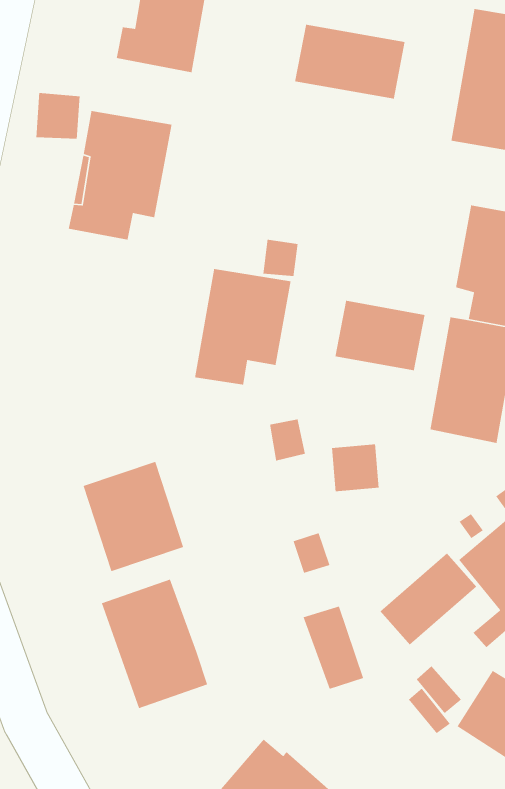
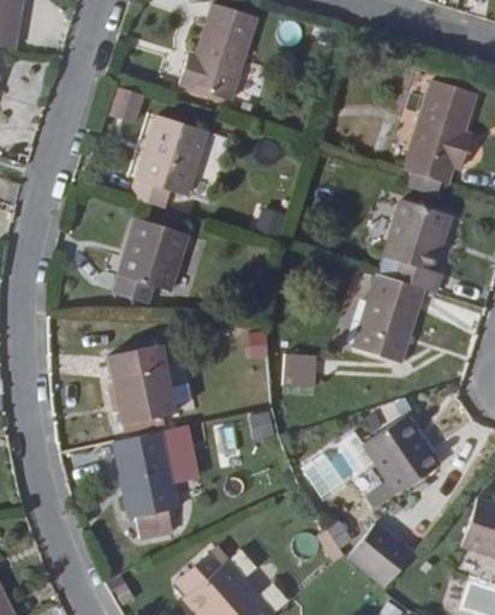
building: [294,24,406,99] -> none
building: [194,268,291,386] -> [106,204,181,288]
building: [335,300,426,371] -> none
building: [303,605,364,690] -> [165,430,202,488]

